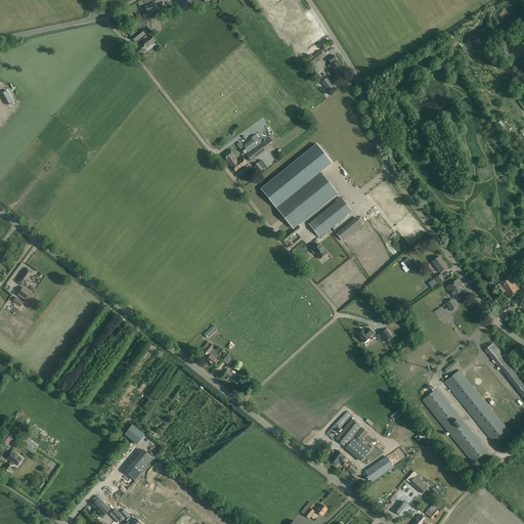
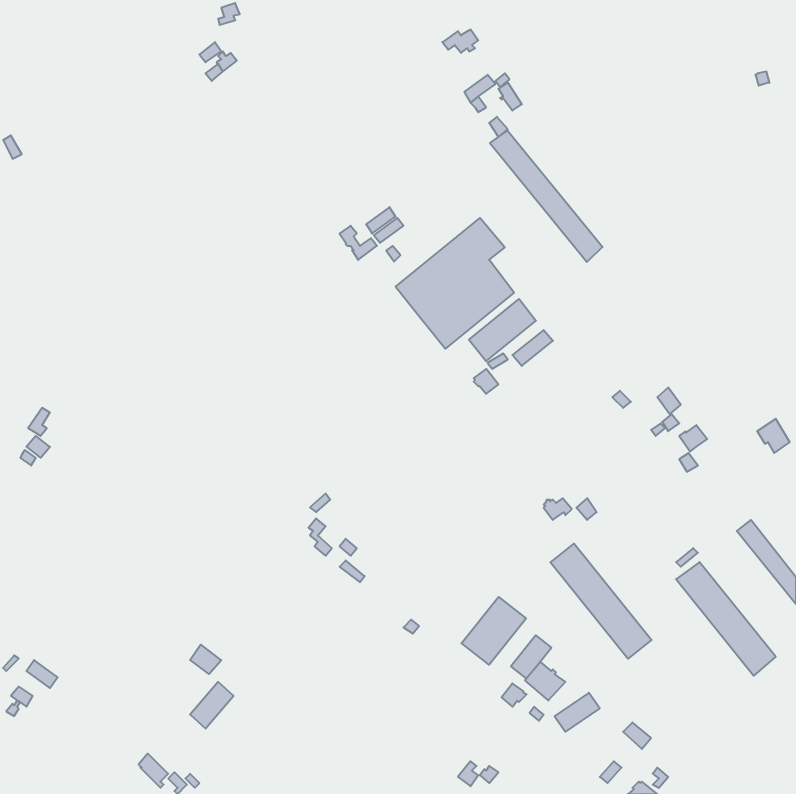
building: none -> [490,130,603,262]
building: [422,387,488,463] -> [550,544,652,659]
building: none -> [461,597,526,665]

